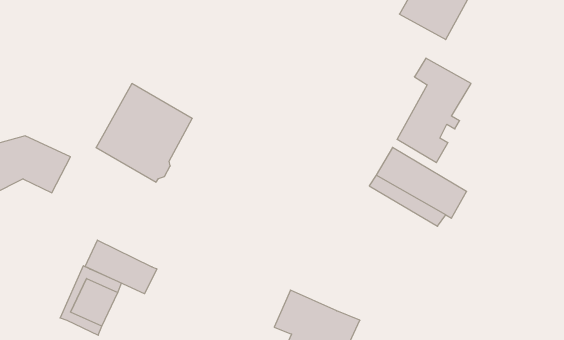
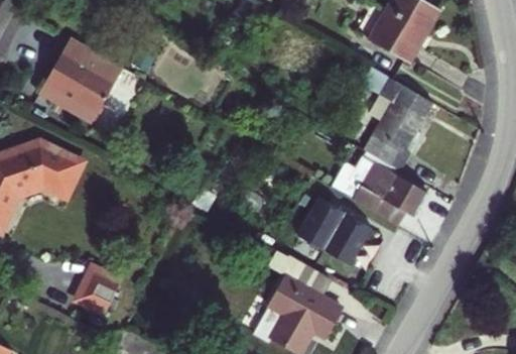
building: [96,84,192,182] -> [45,37,129,123]
building: none -> [296,198,373,267]
building: [85,240,157,294] -> none
building: none -> [269,259,322,298]

